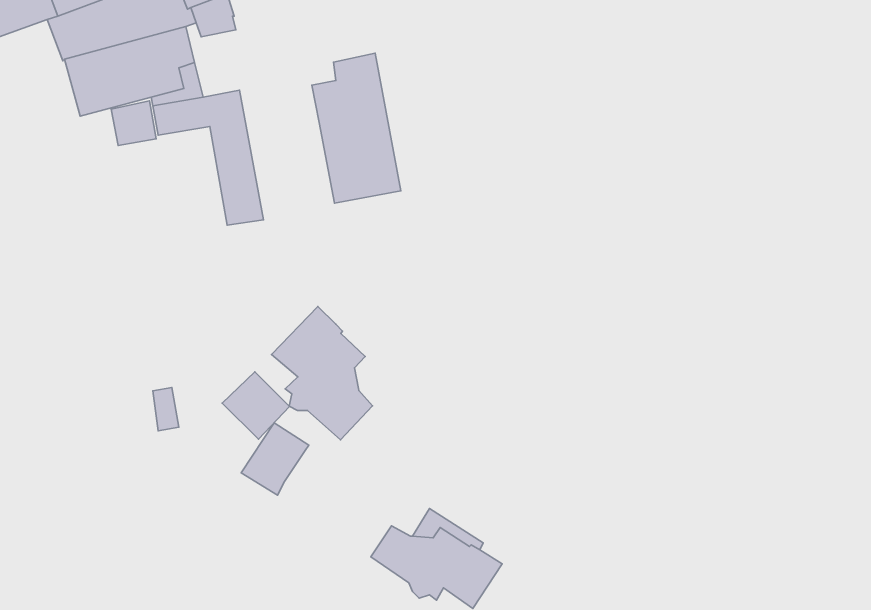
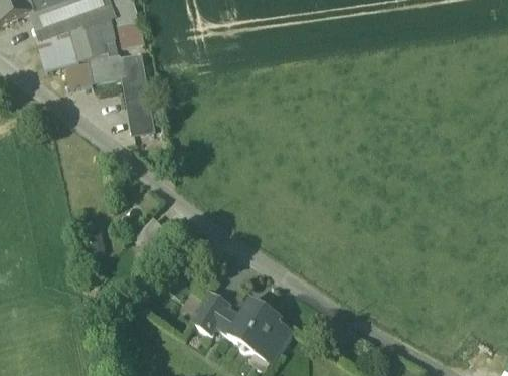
building: none -> [117,20,143,47]
building: [312,53,401,203] -> none
building: [272,306,372,440] -> none
building: [241,423,309,495] -> [191,293,230,335]

